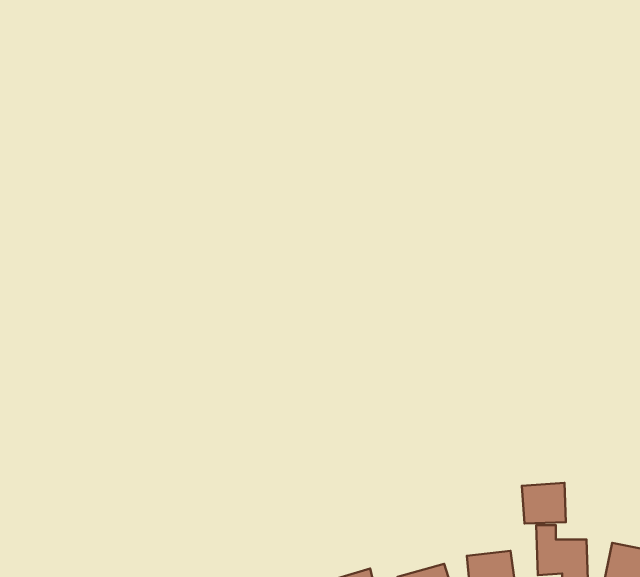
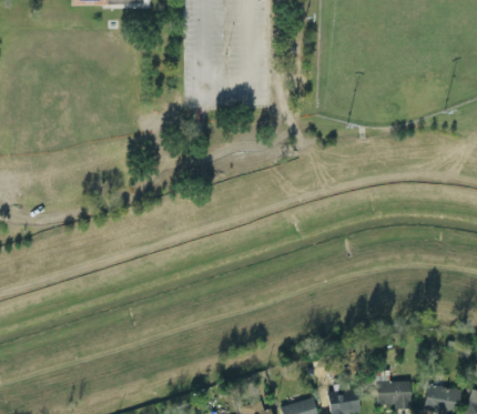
building: [522,483,566,523] -> none

